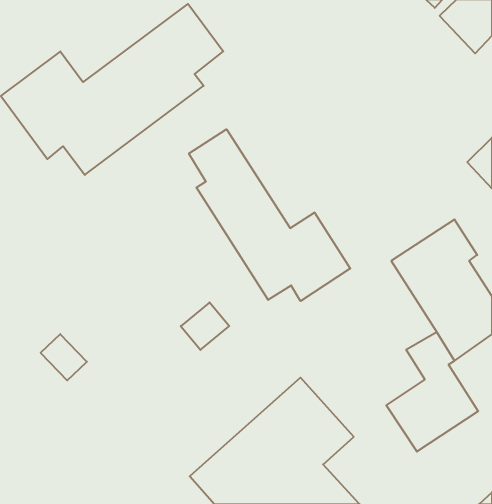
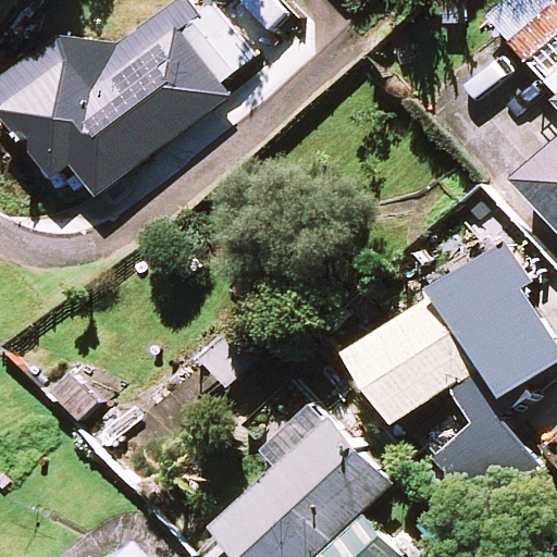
building: [189,129,350,301] -> none
building: none -> [348,287,481,420]

